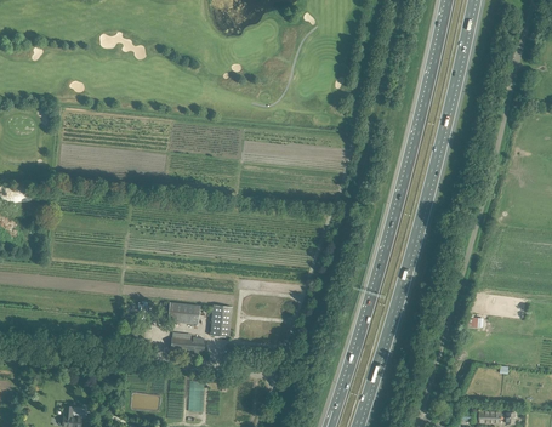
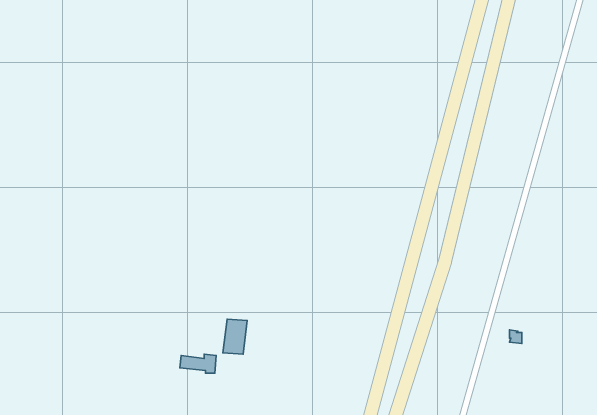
building: [167,301,200,321] -> none

